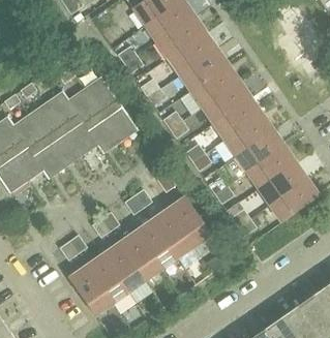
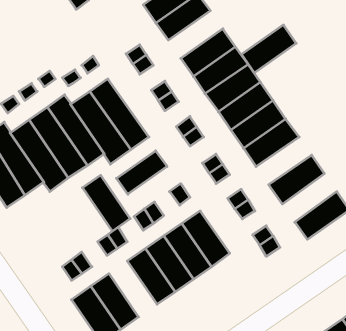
building: [155,14,205,58] -> [241,25,296,73]
building: [235,129,286,173] -> none
building: none -> [116,151,167,194]
building: [259,162,308,207] -> none
building: [101,242,145,293] -> [82,175,130,231]

